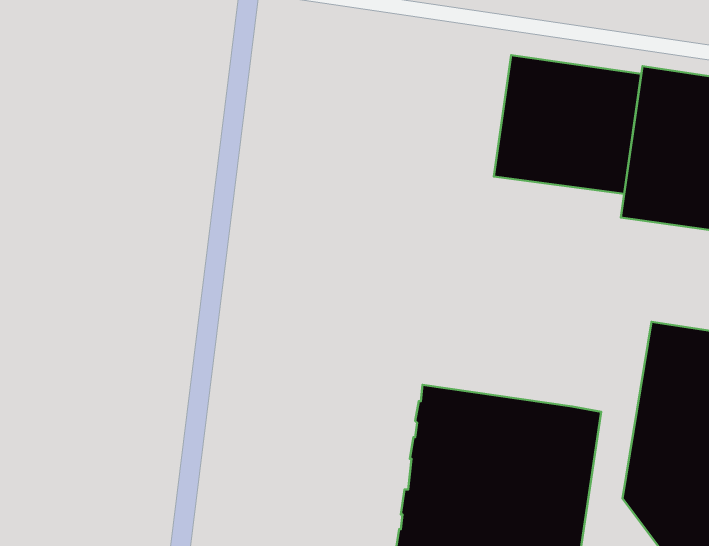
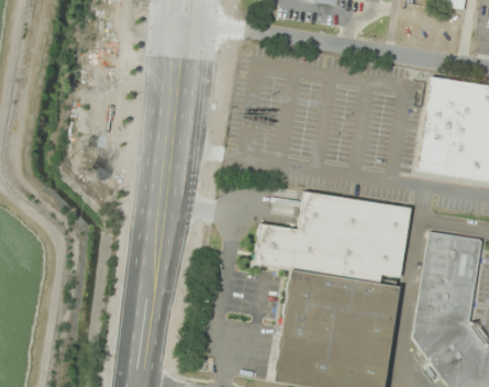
building: [494,55,641,194] -> none
building: none -> [253,189,411,283]

